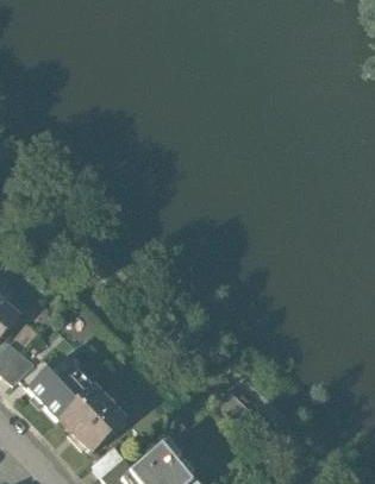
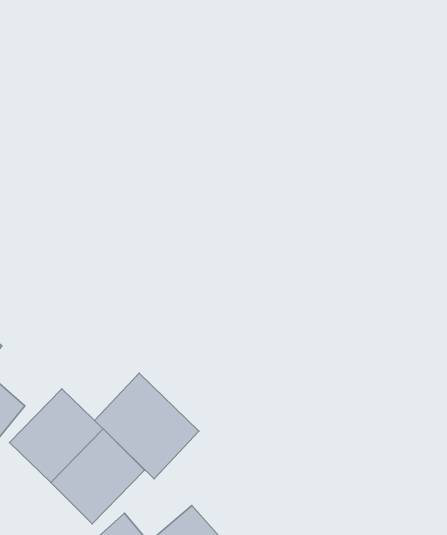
building: none -> [95,373,199,479]

